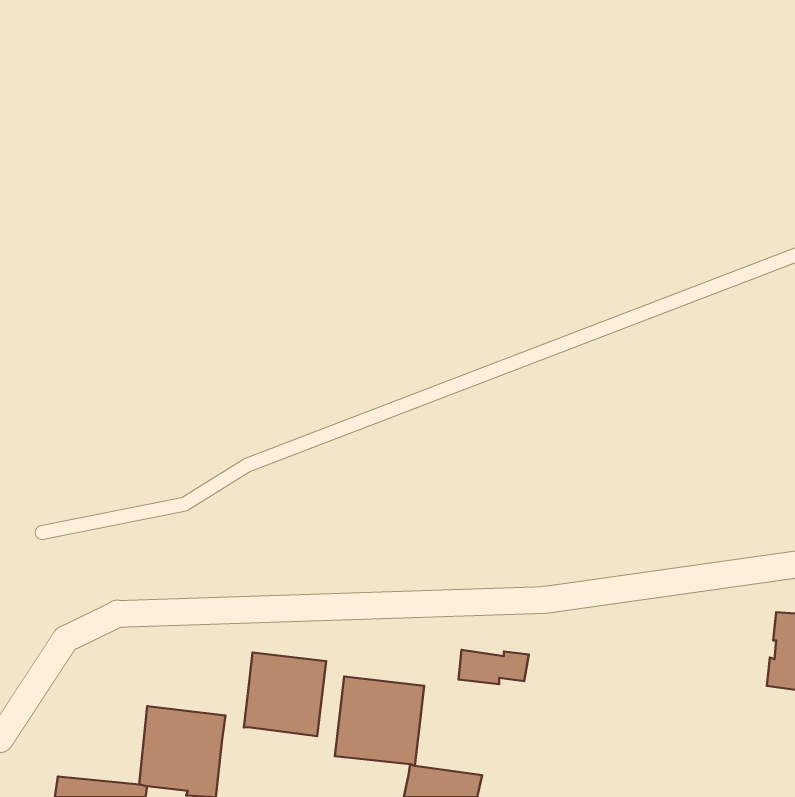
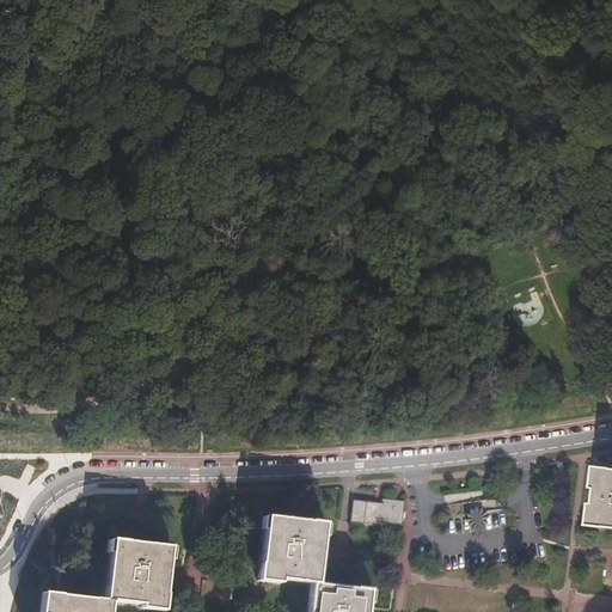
building: [244,652,326,736] -> none

